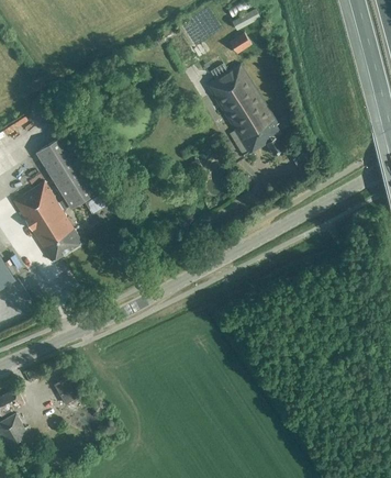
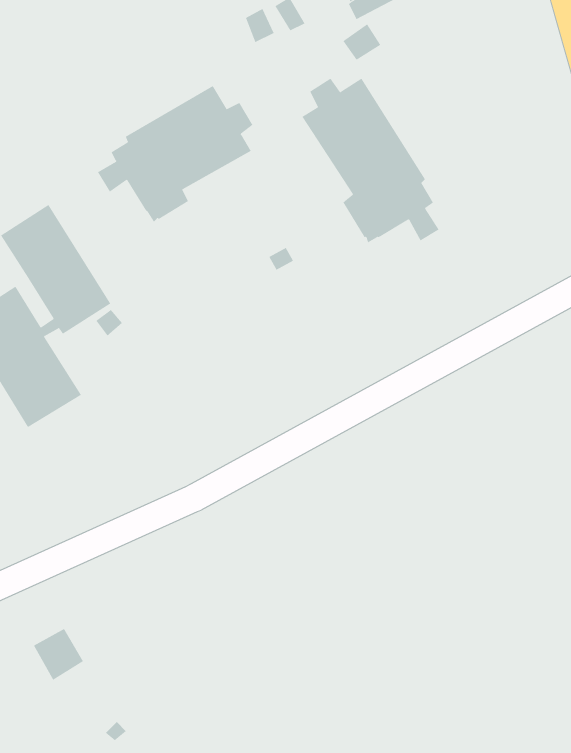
building: none -> [97,85,253,223]

